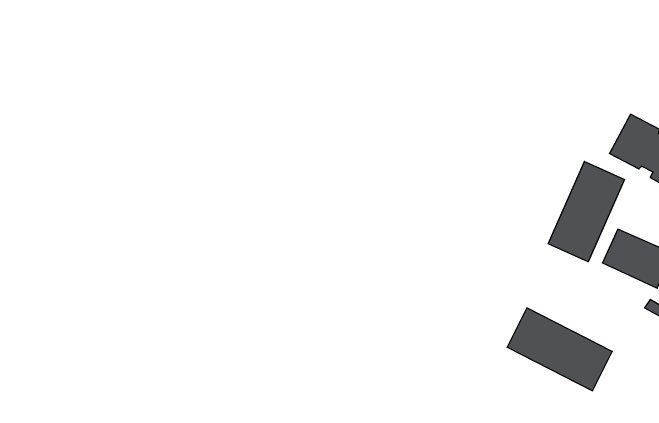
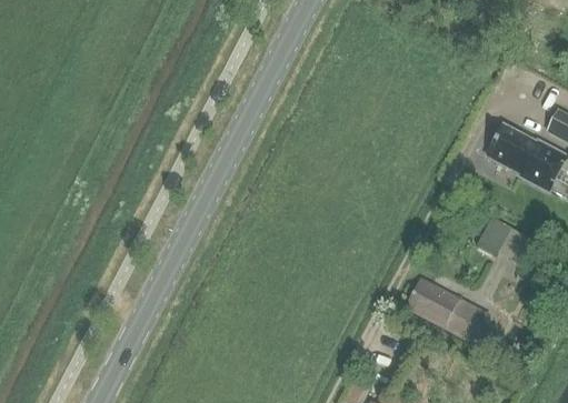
building: [548,161,624,262] -> none

